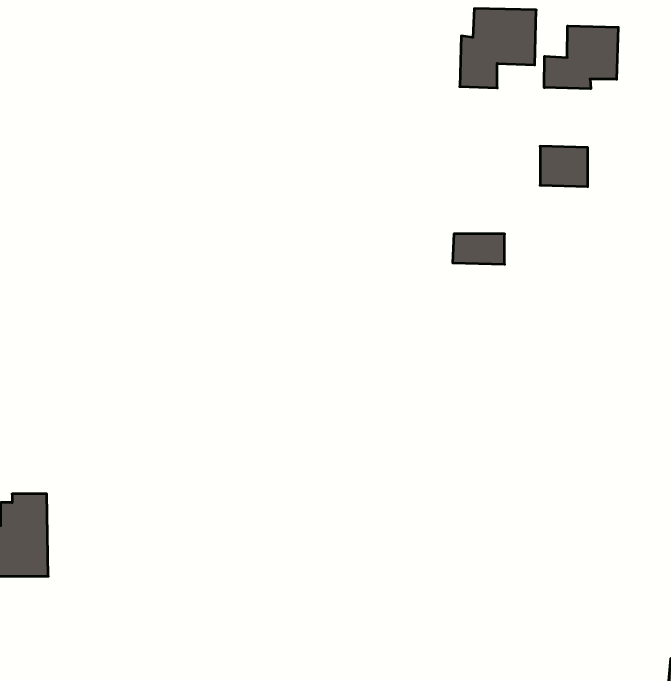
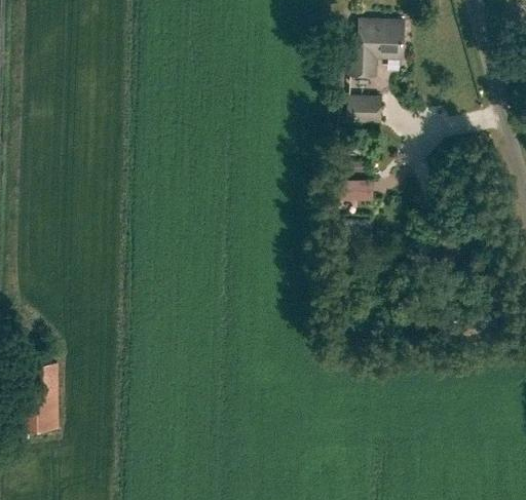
building: [544,26,618,89] -> none
building: [540,146,588,187] -> [347,97,381,125]

